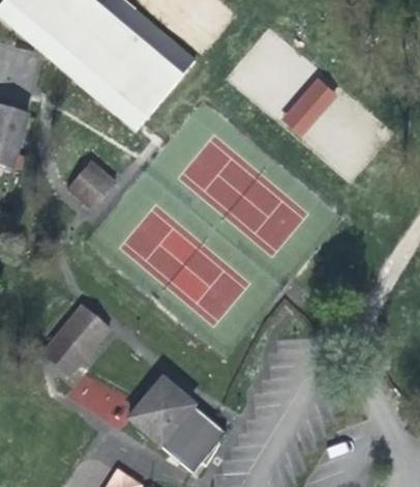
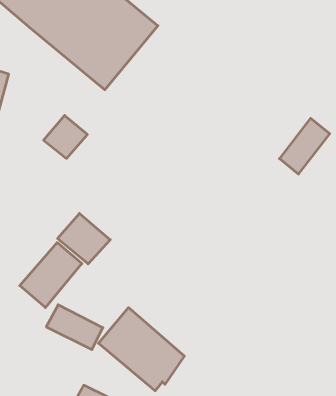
building: [280,75,337,138] -> [279,118,330,174]
building: none -> [58,213,110,264]

